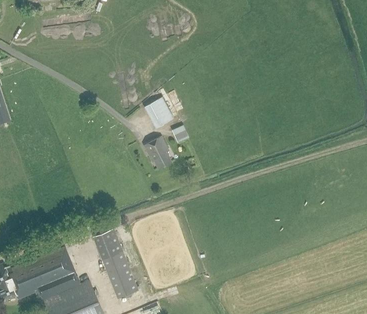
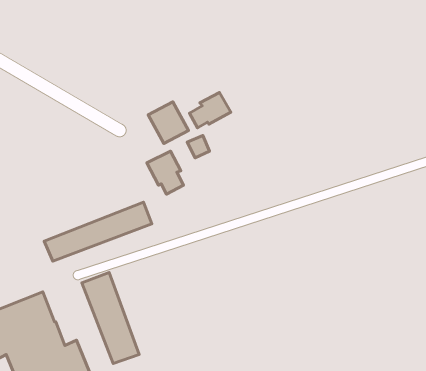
building: none -> [190,92,231,128]
building: none -> [44,202,152,261]

